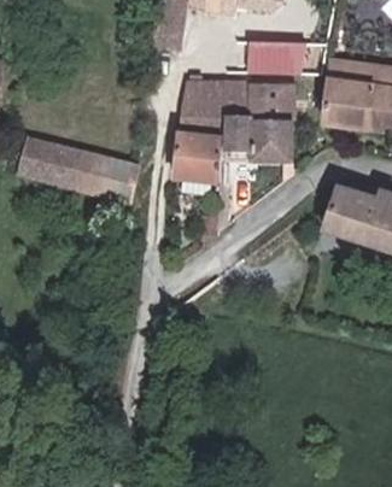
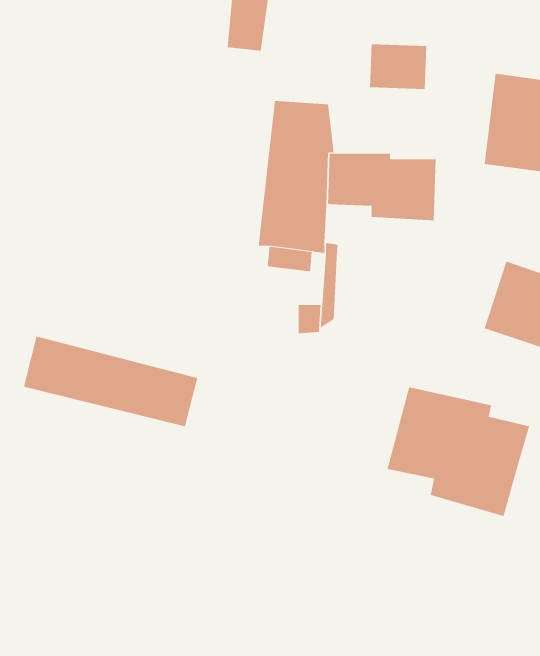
building: [221,82,292,118] -> none
building: [21,139,136,199] -> [23,336,198,427]
building: none -> [387,386,530,517]

